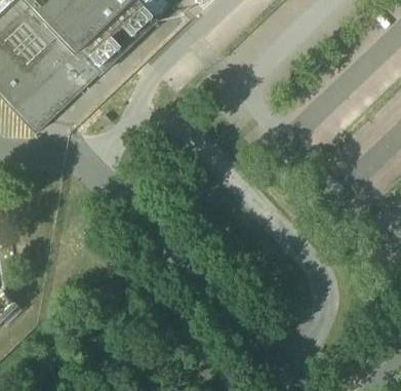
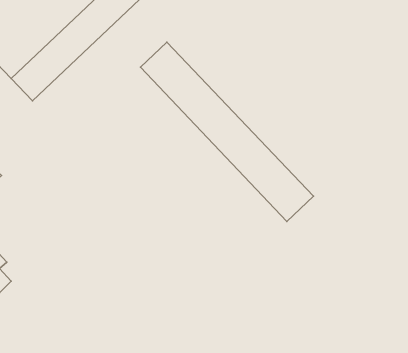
building: none -> [140,42,313,221]

